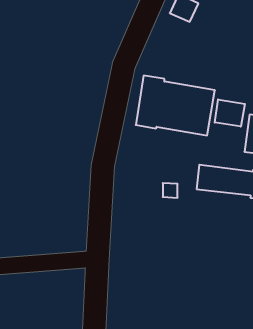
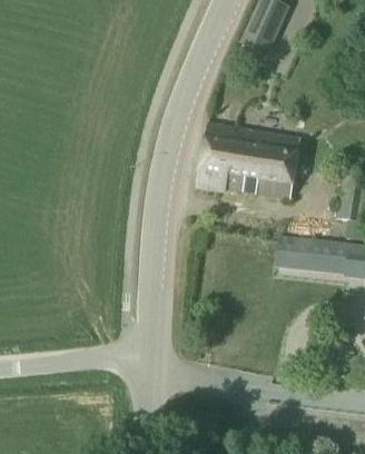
building: [215,99,245,127] -> none

